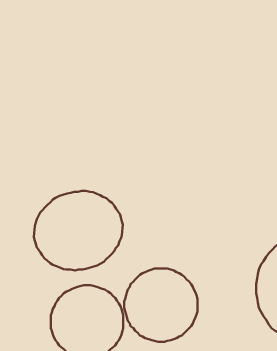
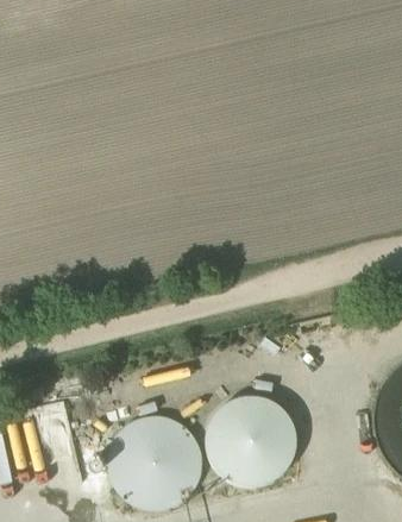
building: [34,191,123,270] -> none

